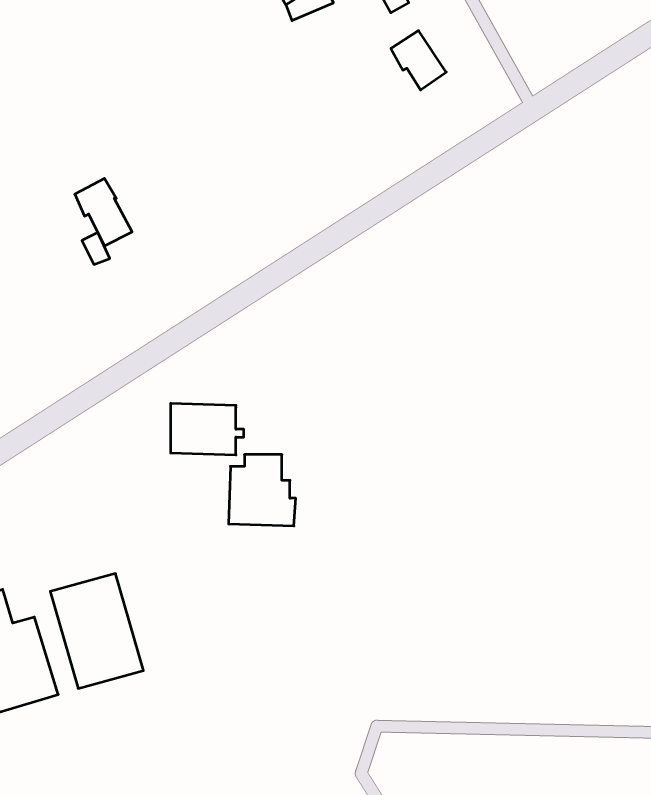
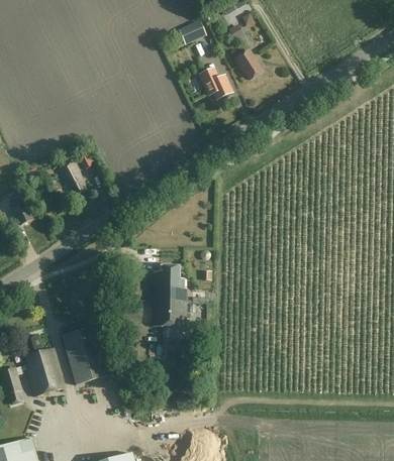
building: none -> [200,68,232,99]
building: [75,178,132,246] -> [59,161,88,196]
building: [171,403,244,455] -> [153,301,190,327]

